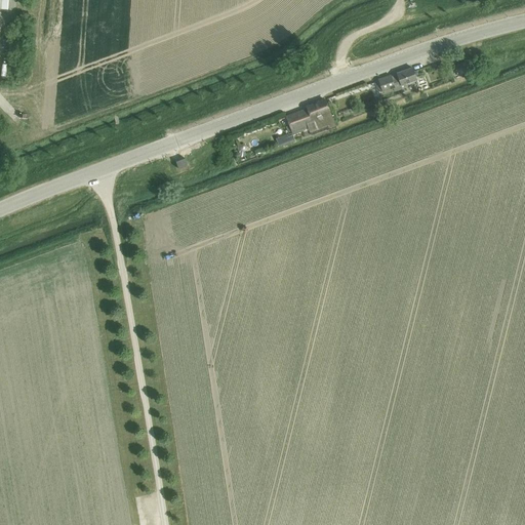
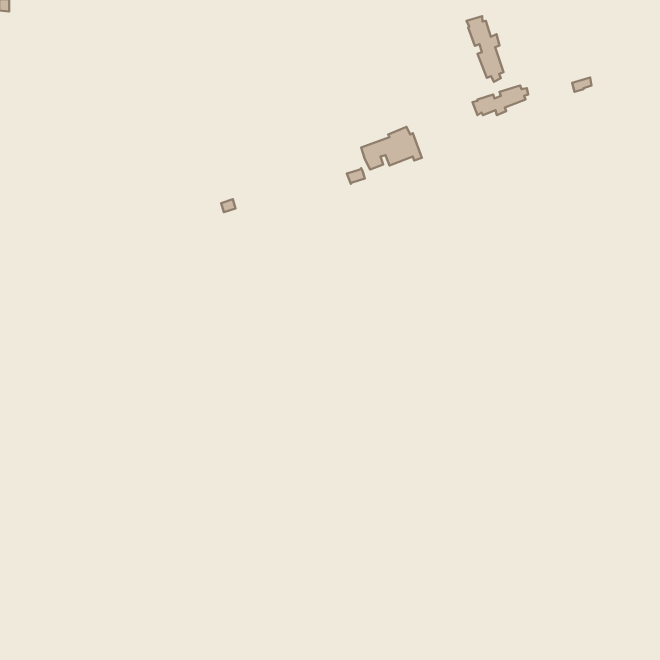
building: none -> [467,16,503,82]

